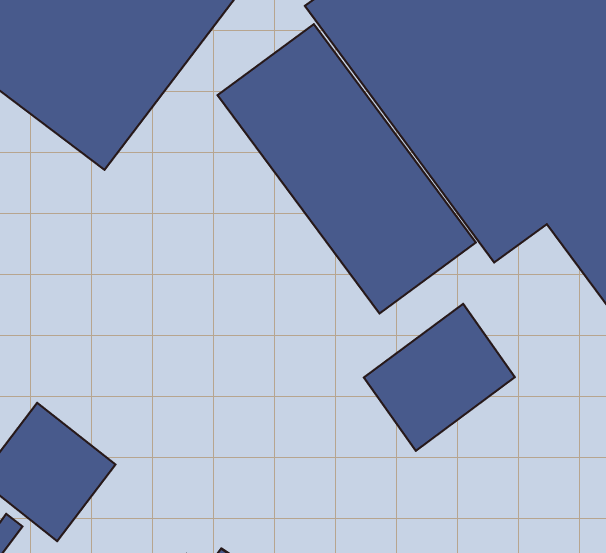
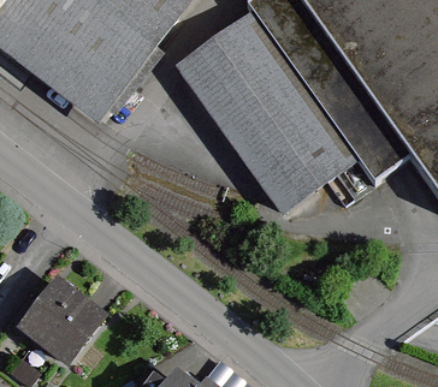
building: [364,304,515,451] -> none

